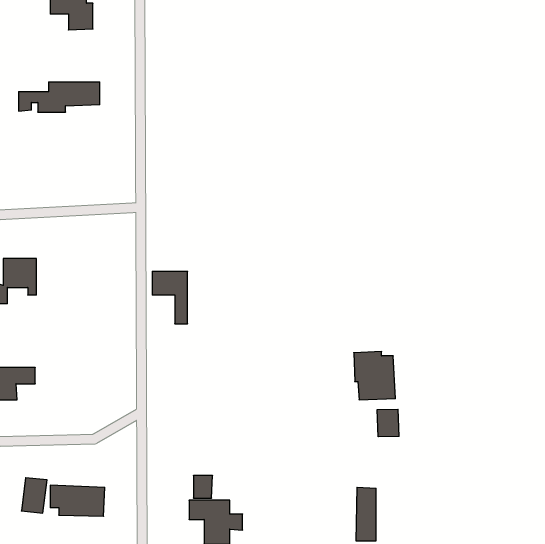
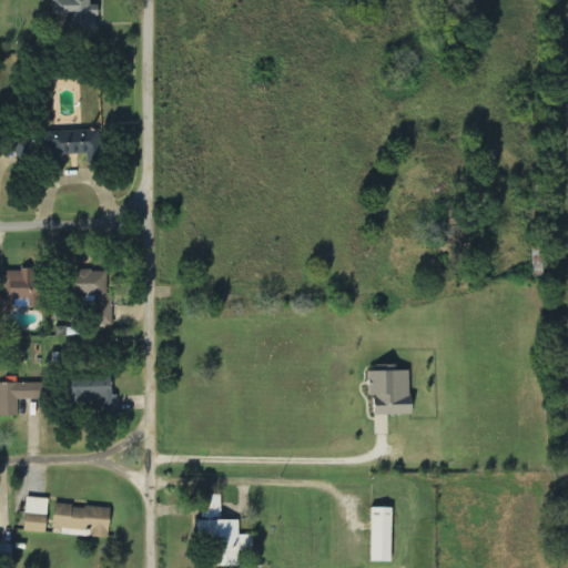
building: [19,82,100,112] -> [14,129,99,160]
building: [152,271,188,324] -> [73,270,110,324]
building: none -> [67,376,118,409]
building: [377,409,399,437] -> none

